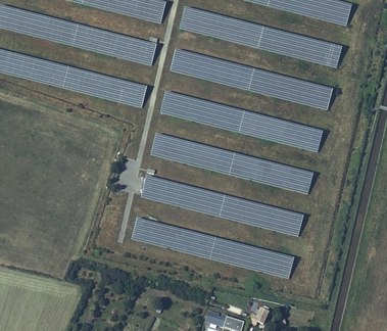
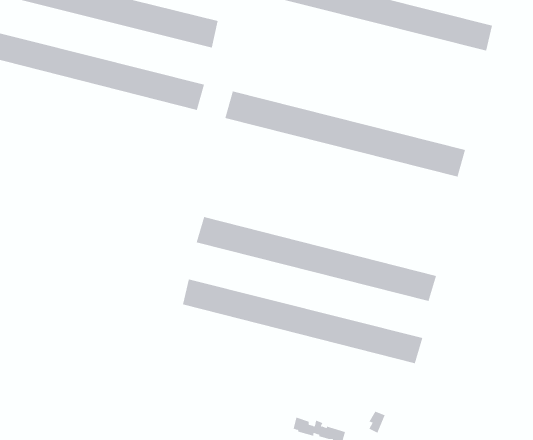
building: [171,50,332,107] -> none
building: [150,134,312,192] -> none

